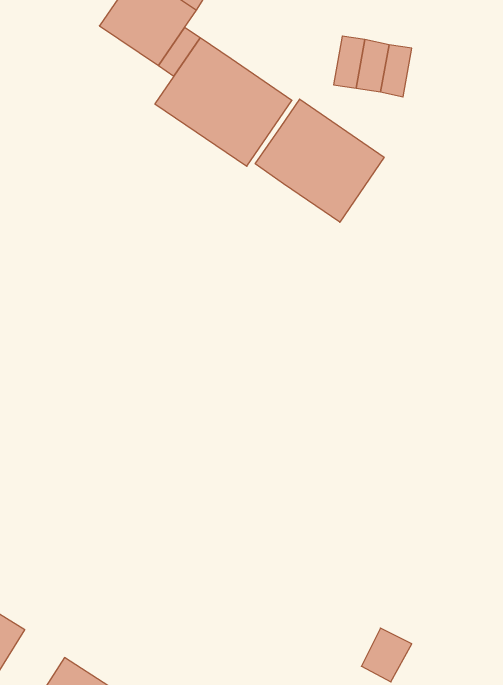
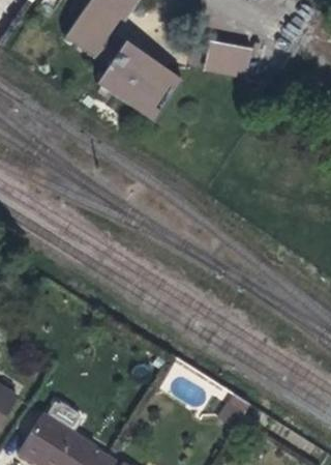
building: [255,99,384,222] -> none

